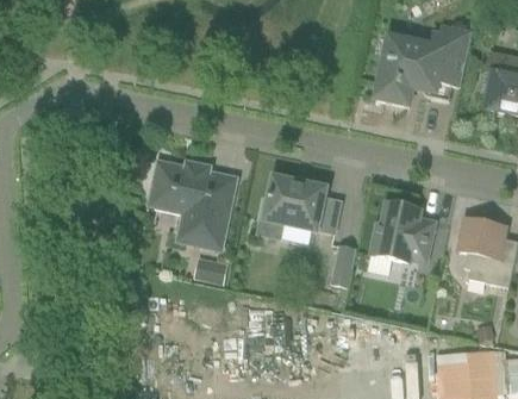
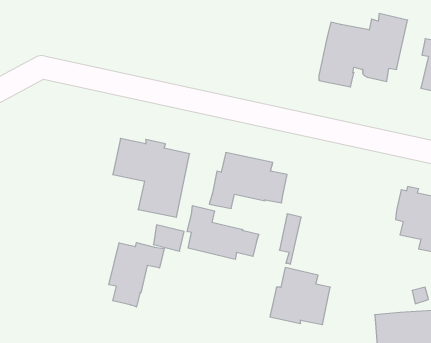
building: [369,200,435,262] -> [270,268,330,325]
building: none -> [187,206,259,259]
building: none -> [109,243,164,307]

